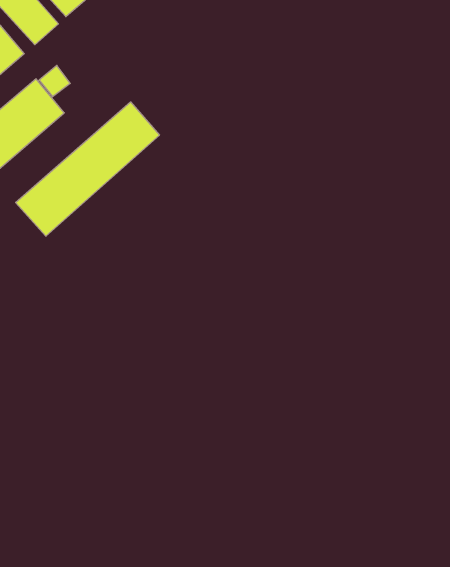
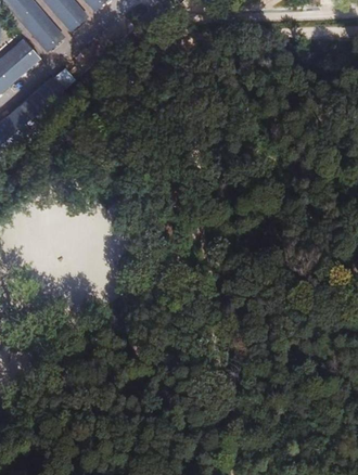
building: [16,102,159,236] -> none

